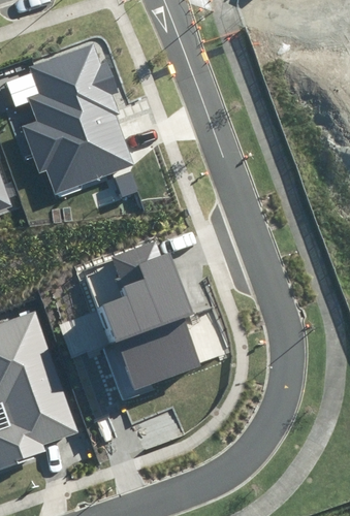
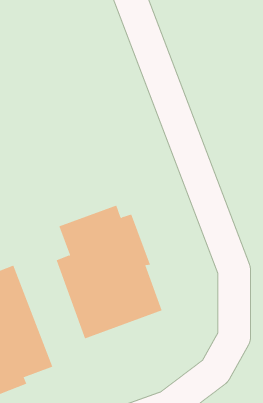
building: [22,45,133,192] -> none

